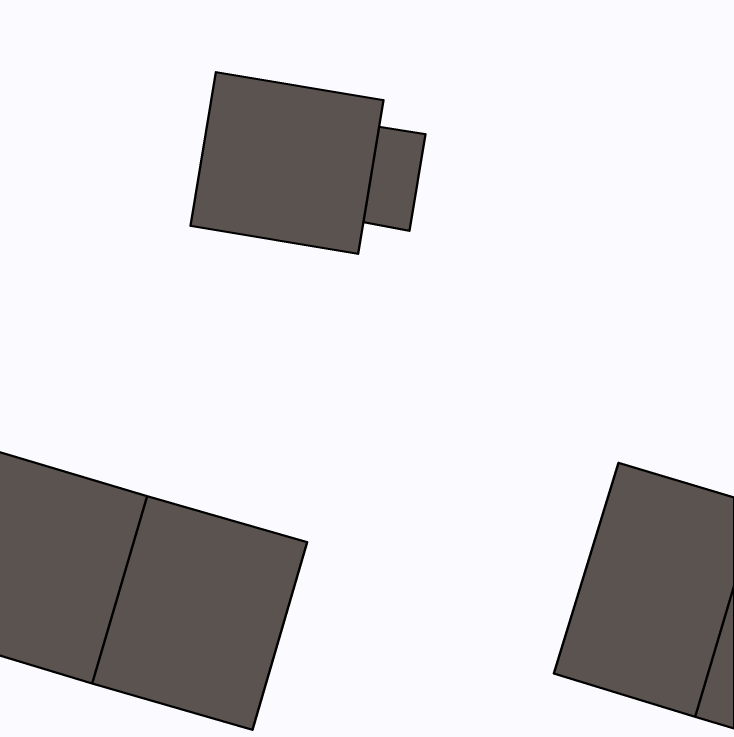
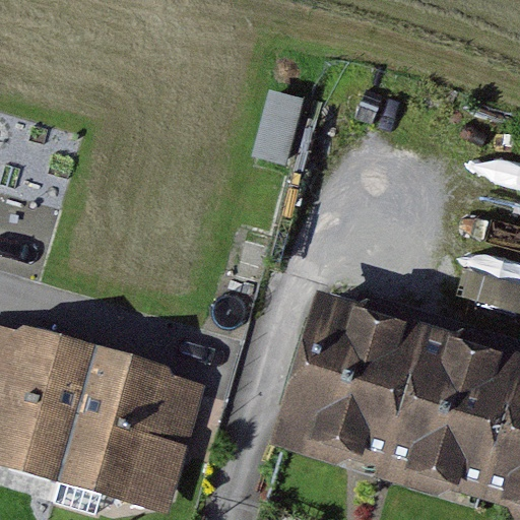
building: [191,72,383,254] -> none
building: none -> [277,291,436,474]

